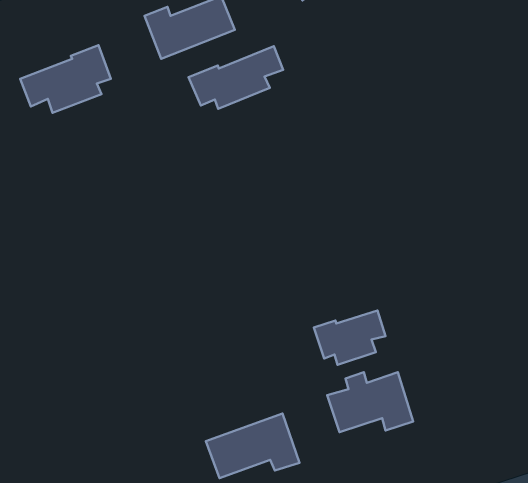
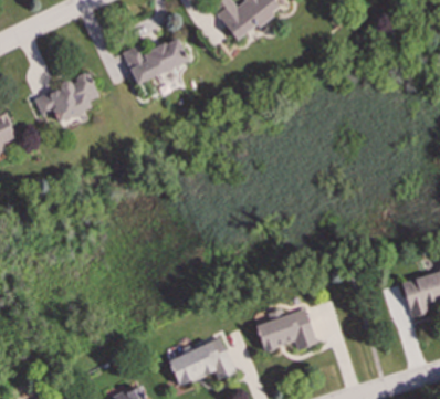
building: [189,46,283,109] -> none
building: [314,310,385,365] -> none

